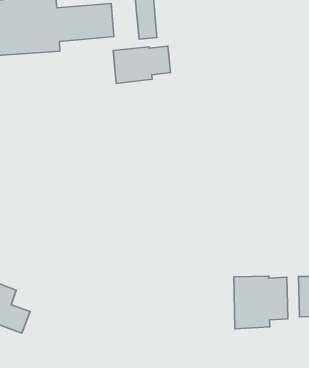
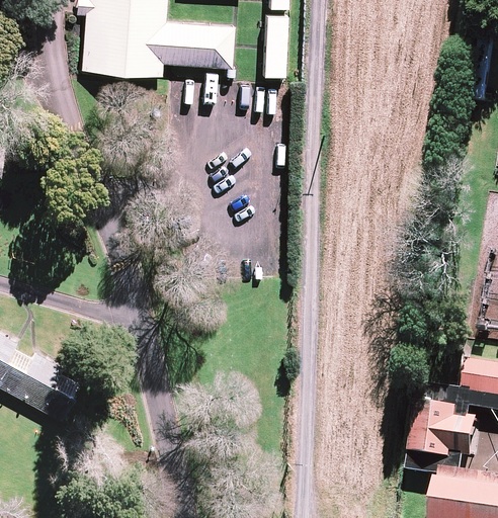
building: [113,46,171,84] -> none
building: [234,276,288,329] -> none

